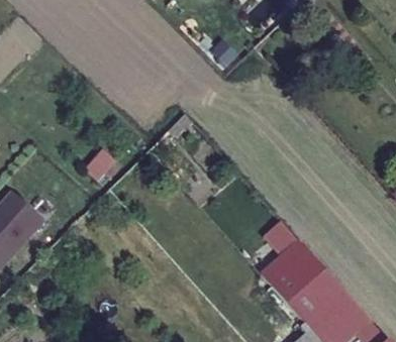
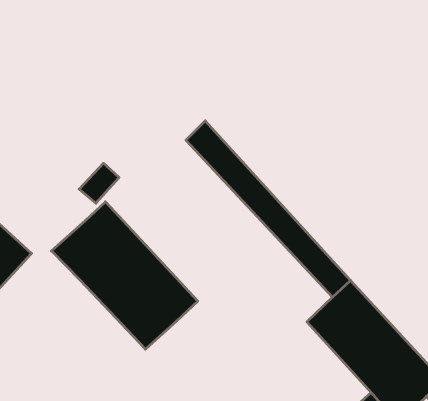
building: none -> [51,202,198,349]

